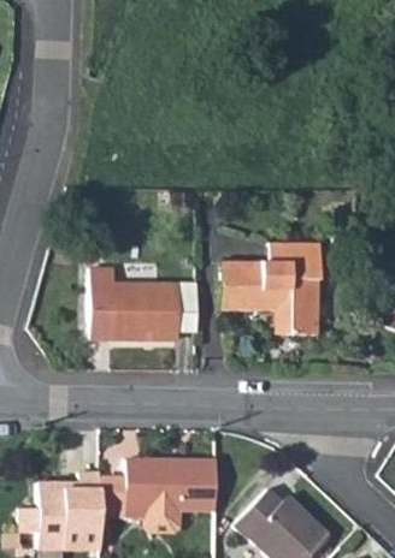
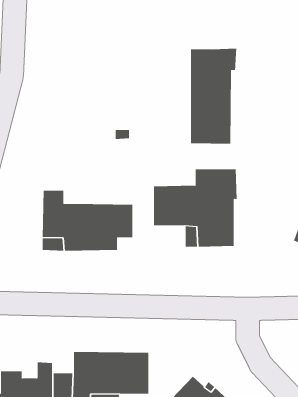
building: none -> [190,48,237,144]

